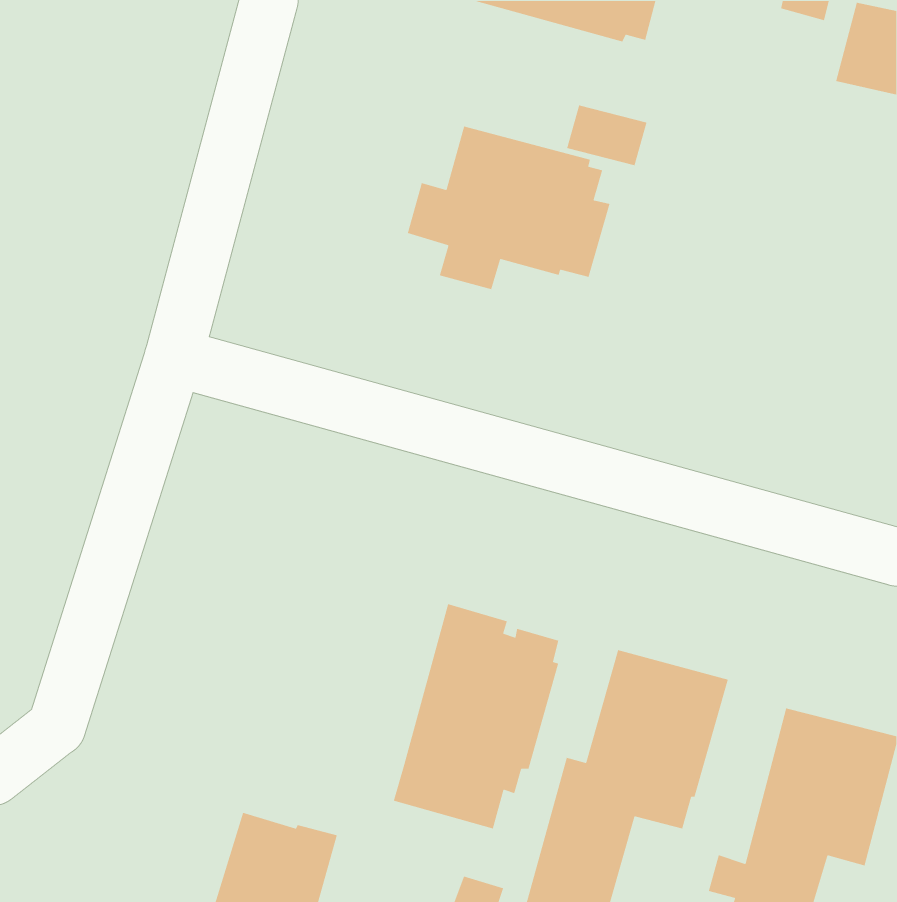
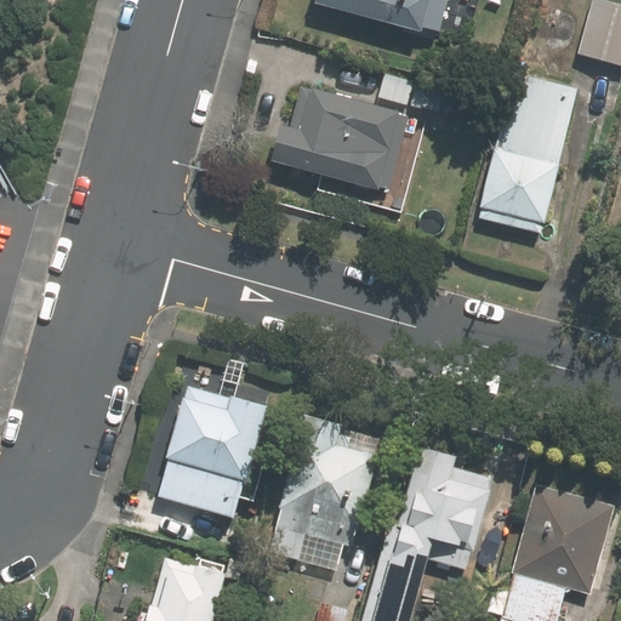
building: none -> [474,70,575,234]
building: none -> [155,386,263,515]

